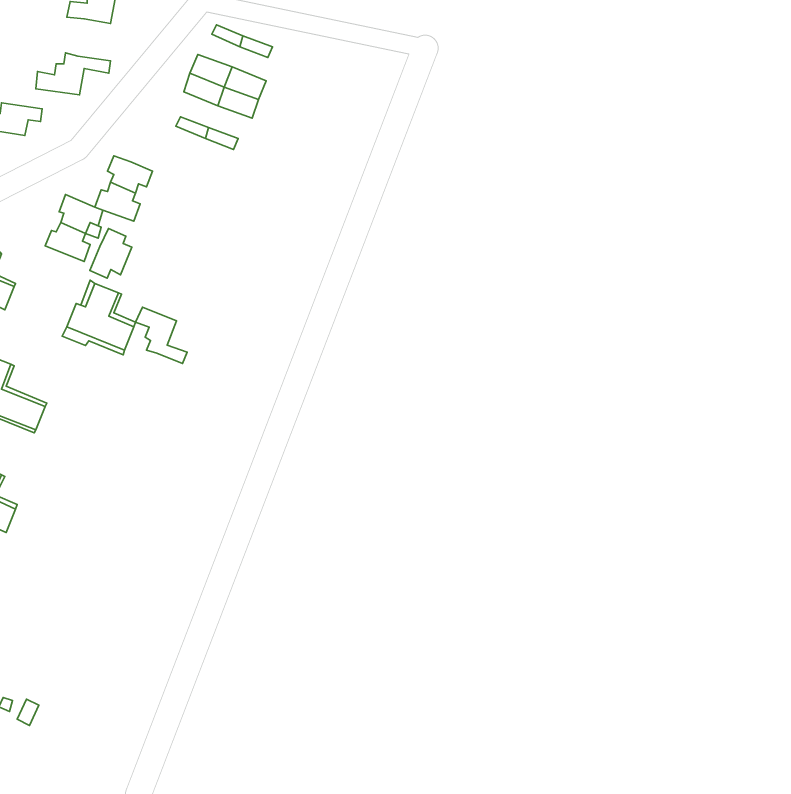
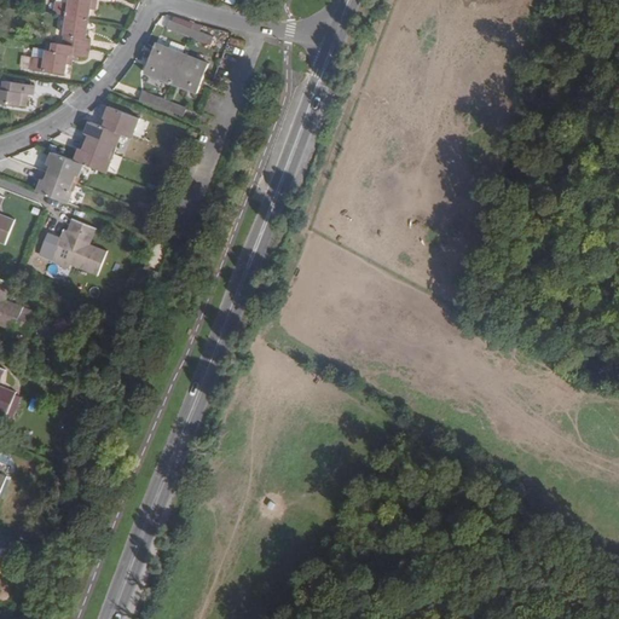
building: none -> [60,15,87,47]
building: none -> [102,106,137,134]
building: [90,229,132,278] -> none
building: [135,307,187,363] -> none

